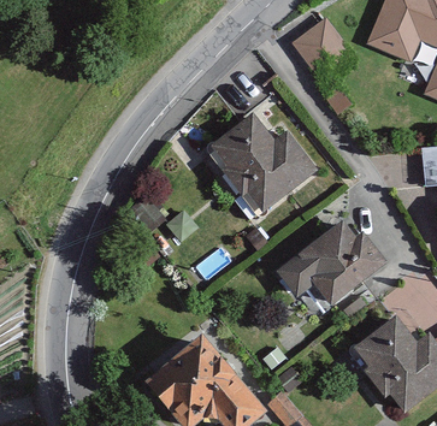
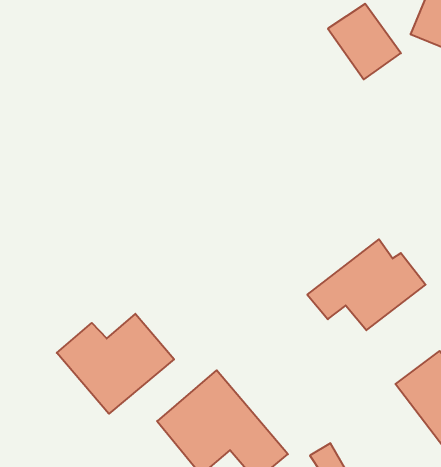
building: [211,117,309,208] -> none
building: none -> [57,314,174,414]

